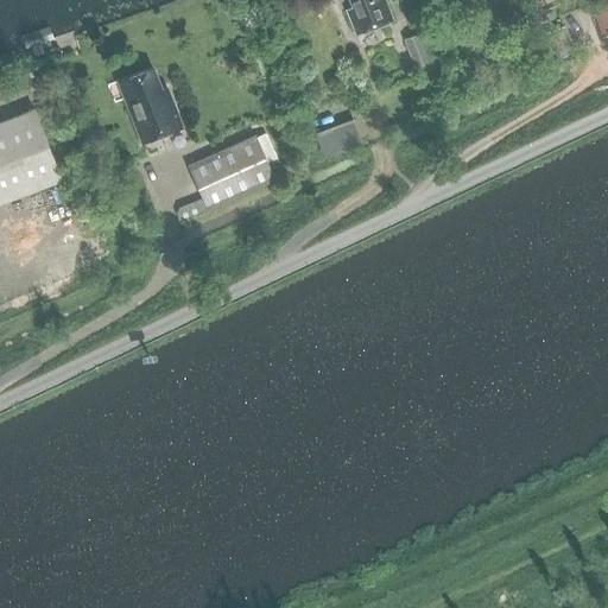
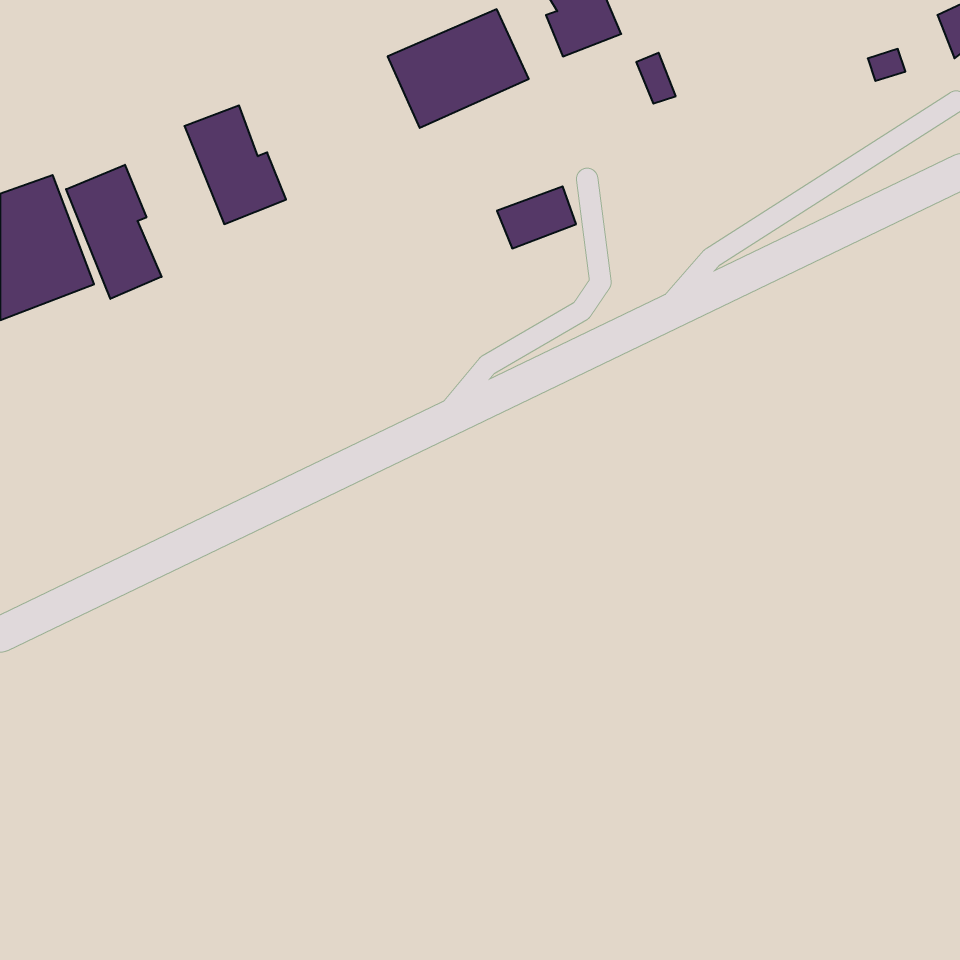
building: none -> [66,165,162,299]
building: [186,135,276,210] -> [388,9,529,128]

